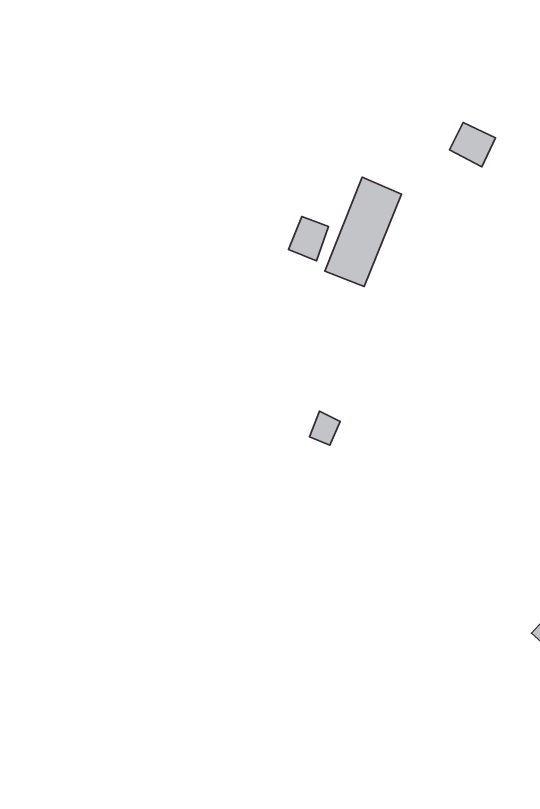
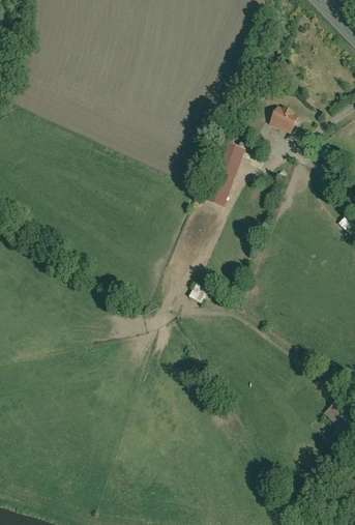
building: [288,216,329,261] -> none

